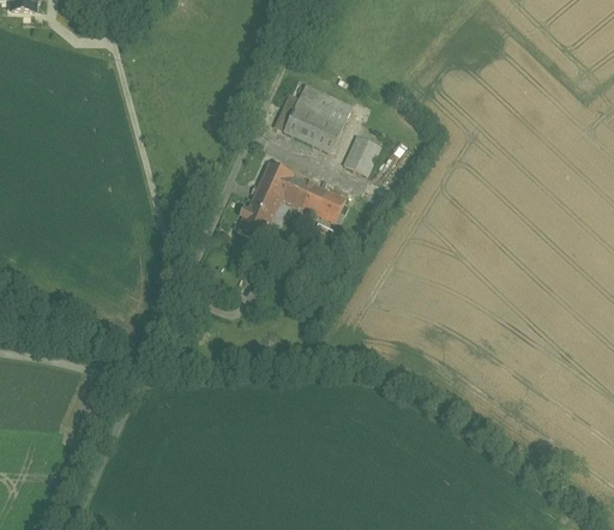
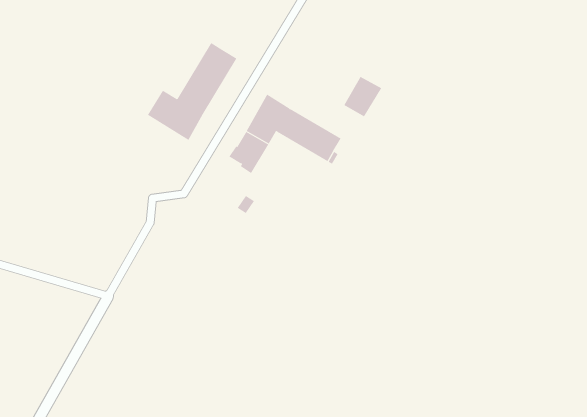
building: [283,84,351,151] -> none
building: none -> [147,42,237,141]

